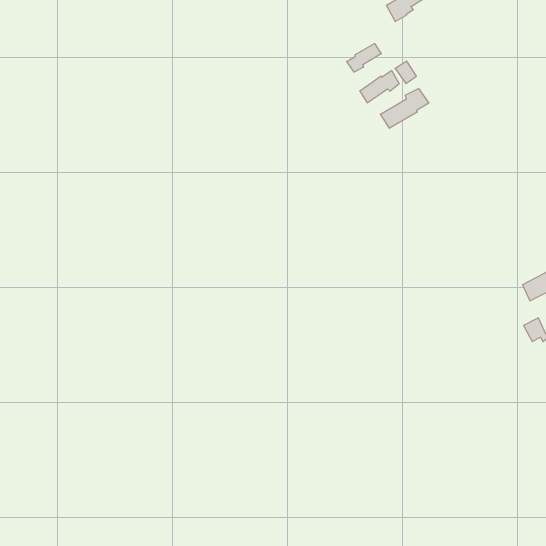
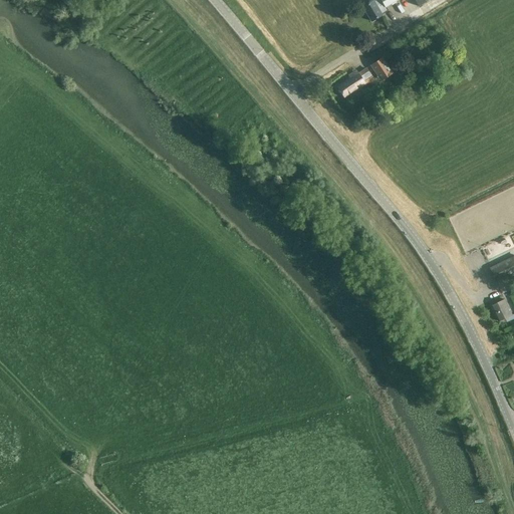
building: [347,44,381,72] -> none
building: [380,88,429,128] -> none

